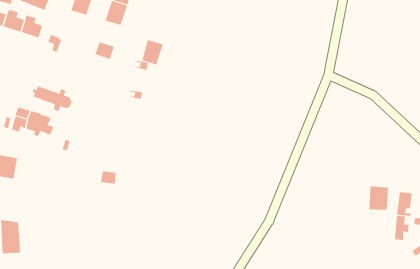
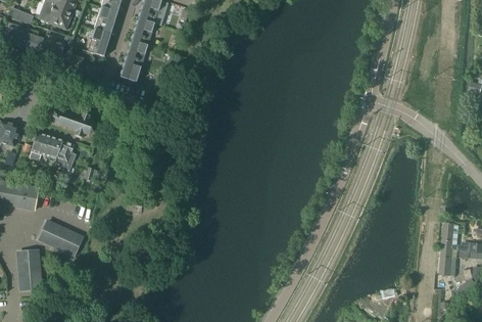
building: none -> [87,30,110,57]
building: [141,40,163,65] -> [124,41,147,68]
building: [369,186,388,210] -> none
building: none -> [43,222,81,256]

